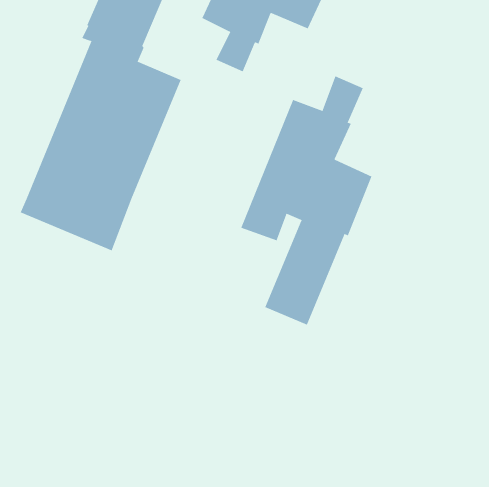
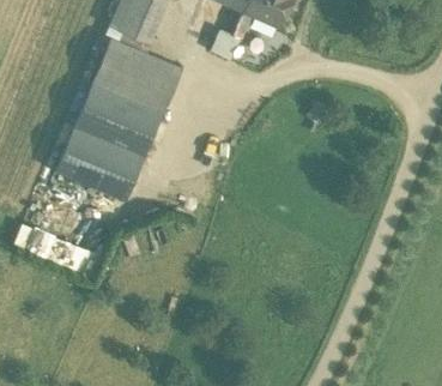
building: [241,76,372,326] -> none

